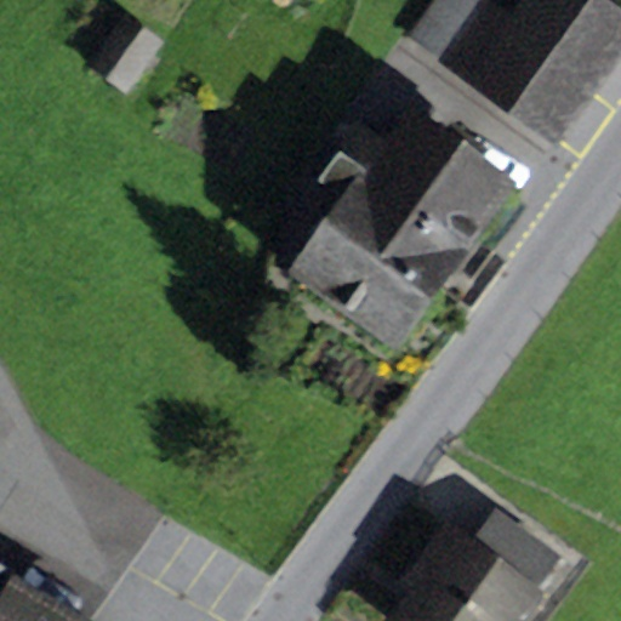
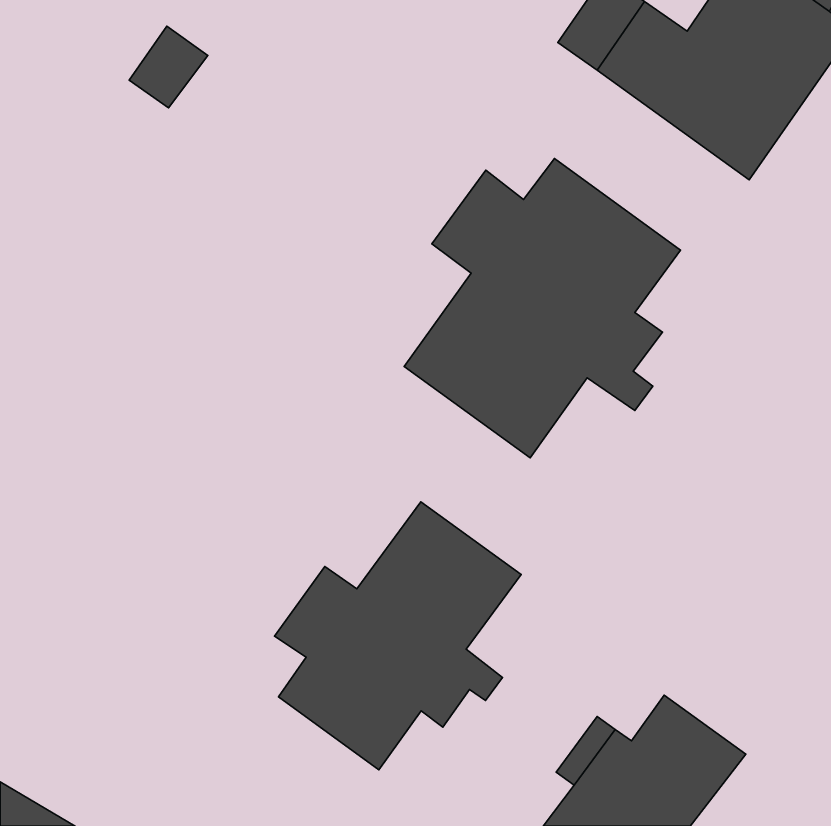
building: none -> [275,502,521,770]

